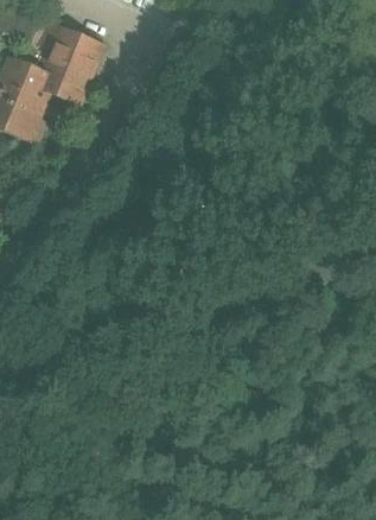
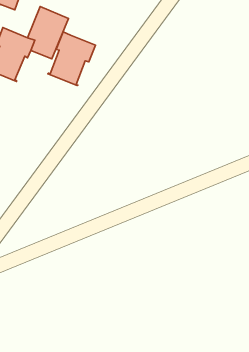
building: none -> [48,32,96,86]

